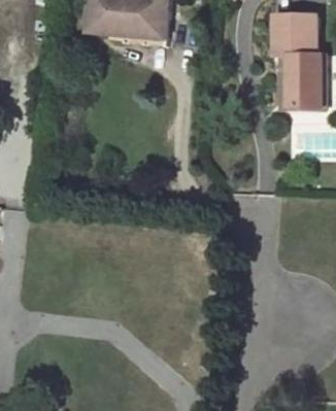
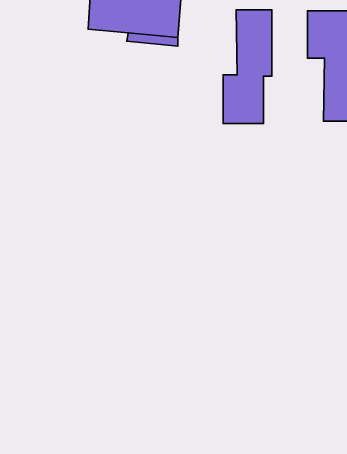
building: none -> [223,10,272,123]

